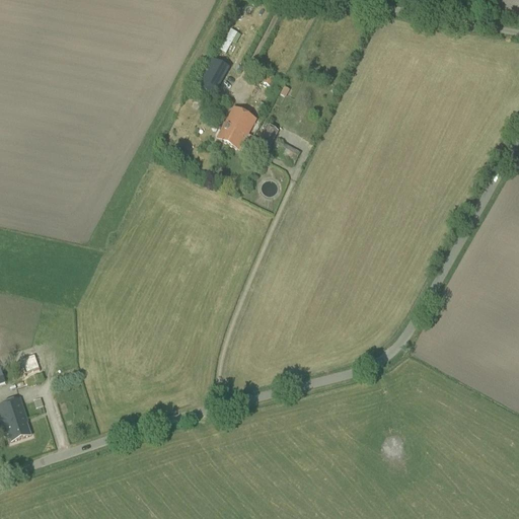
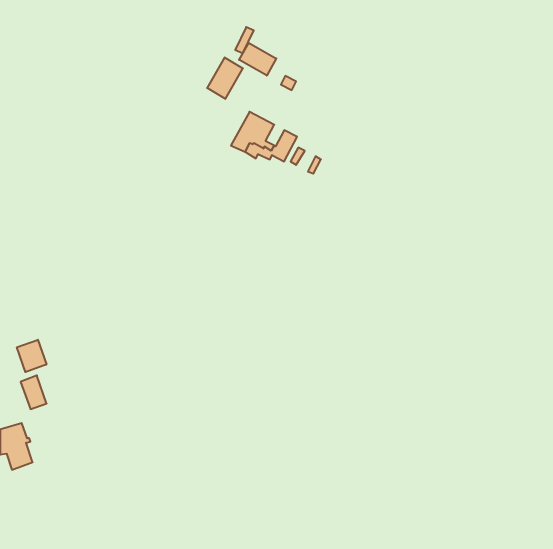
building: none -> [239,43,276,76]
building: none -> [17,340,46,372]

